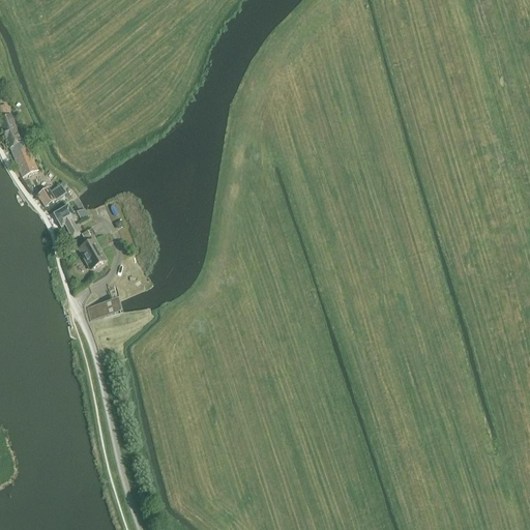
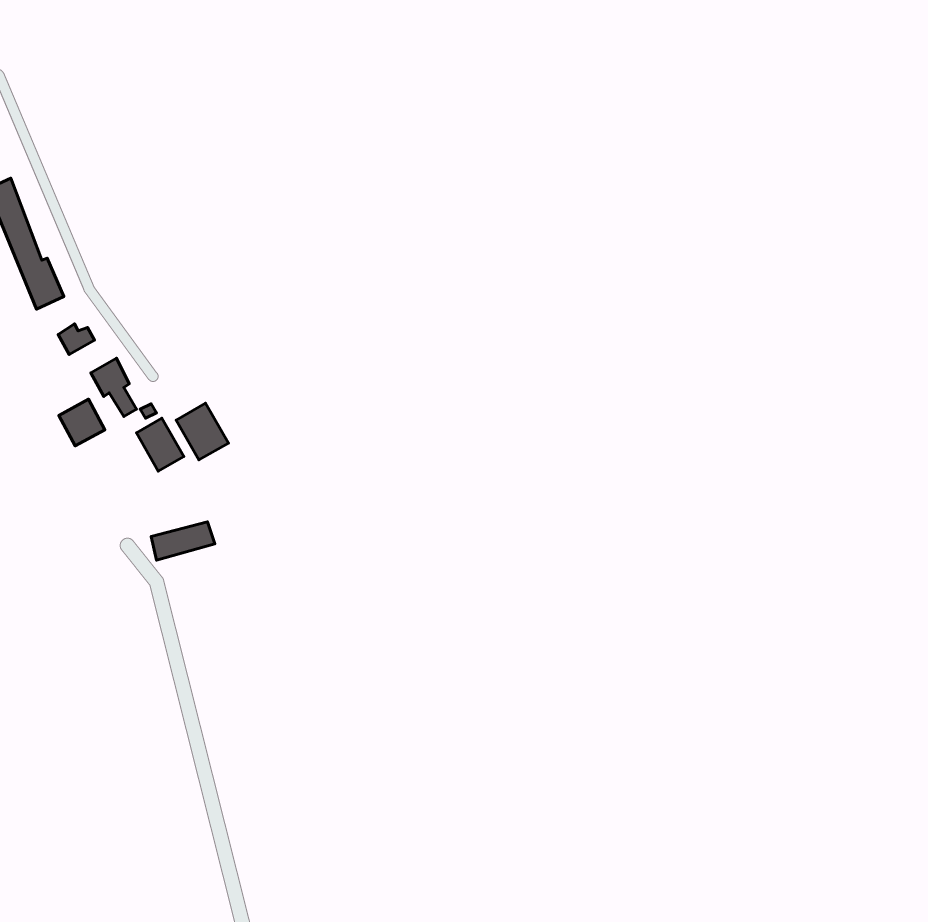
building: none -> [59,399,105,446]
building: none -> [176,403,228,460]

